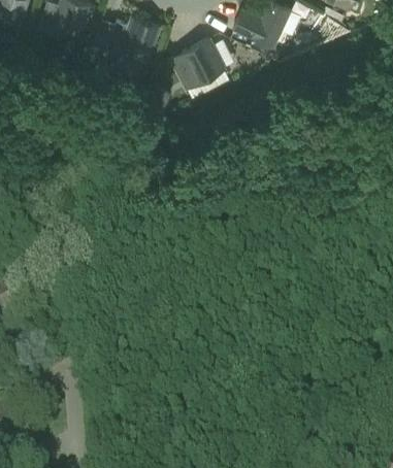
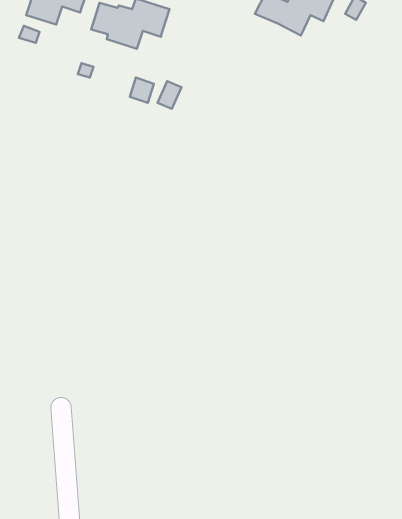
building: [172,39,224,88] -> none

